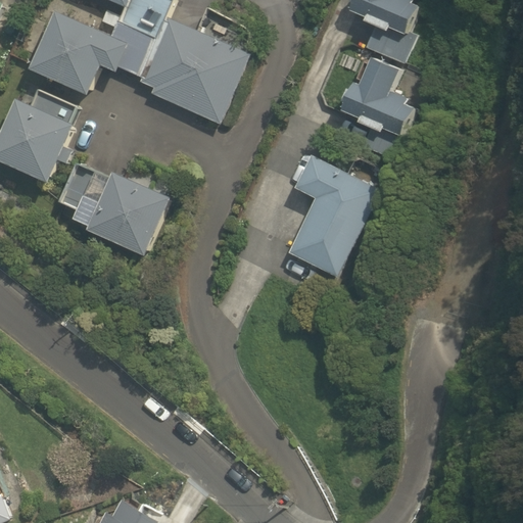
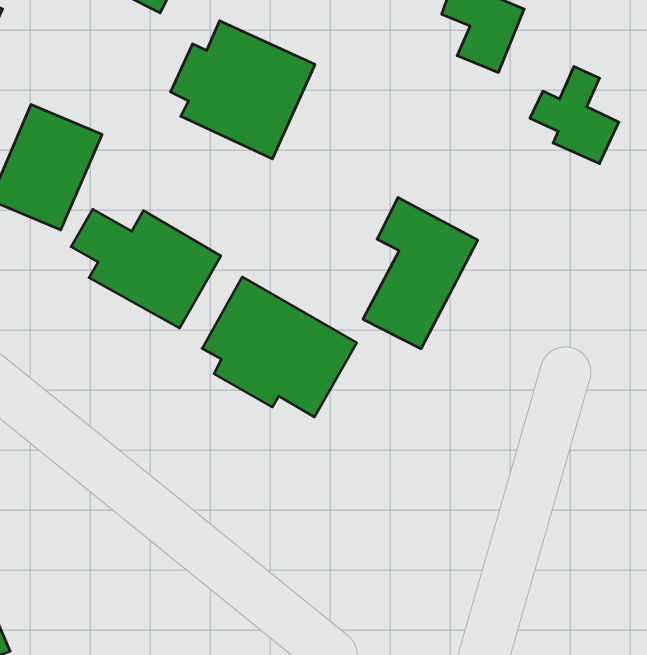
building: [28,8,152,96] -> none
building: [338,60,409,137] -> [530,67,619,164]
building: none -> [202,277,357,417]

